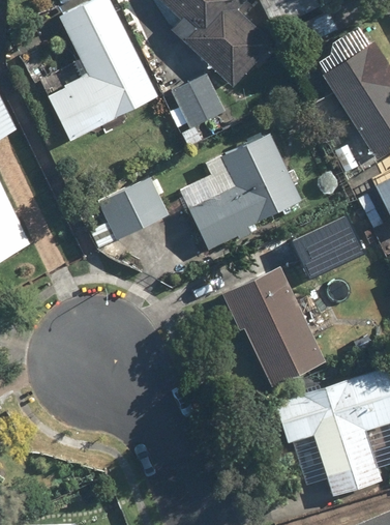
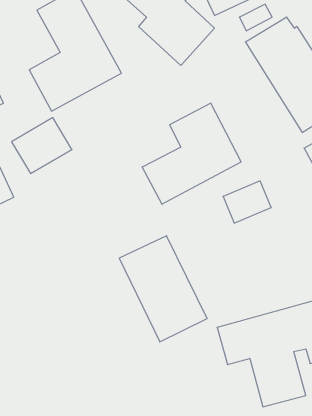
building: [170,71,227,128] -> none
building: [97,176,170,243] -> [12,118,72,174]
building: [222,264,328,391] -> [119,236,207,342]

